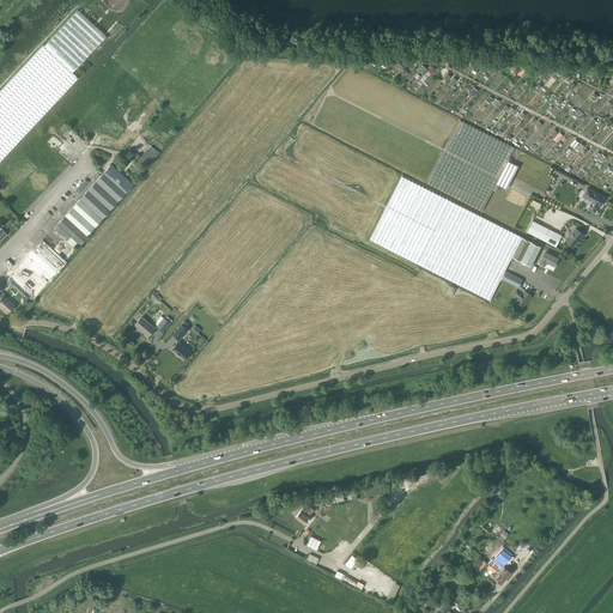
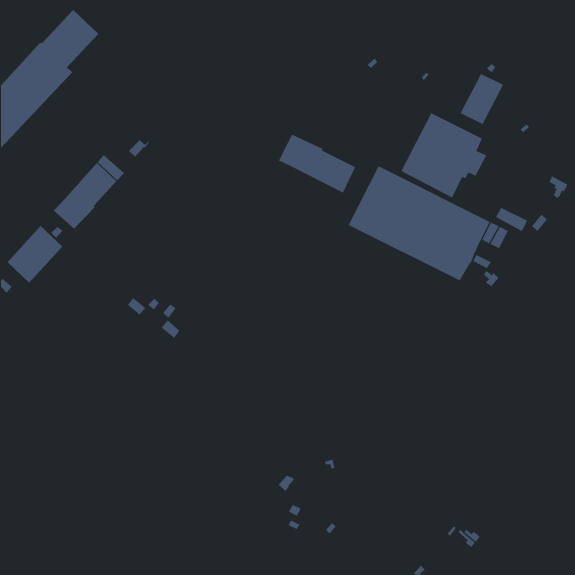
building: none -> [460,73,504,125]
building: none -> [278,134,356,194]

